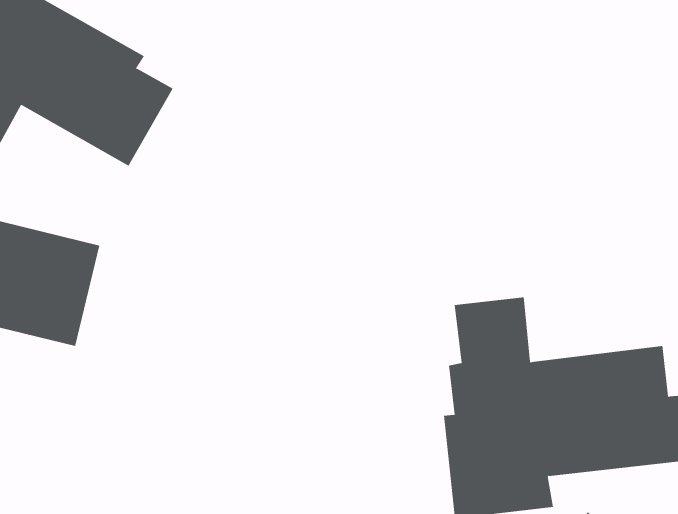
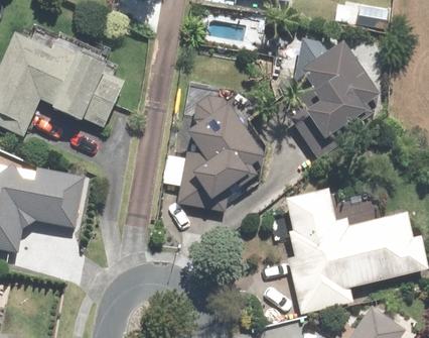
building: none -> [290,37,380,141]
building: none -> [177,95,268,212]

